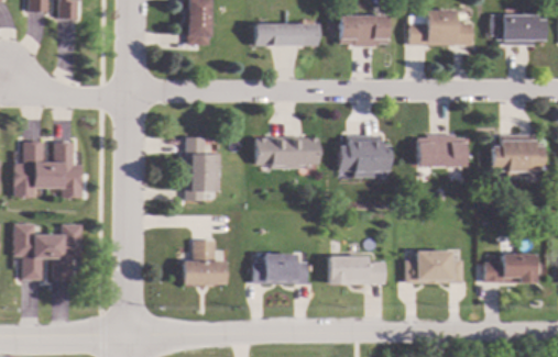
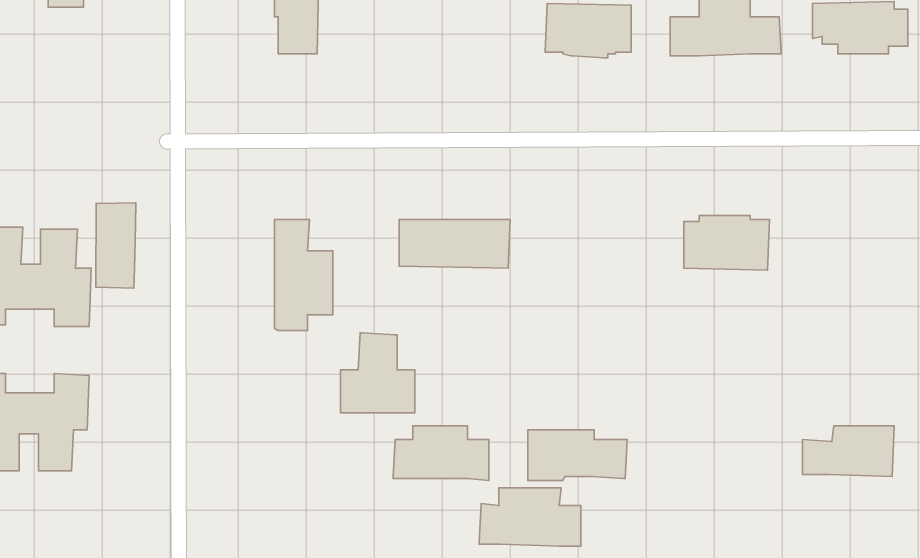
building: [255,23,318,46] -> none
building: none -> [96,203,136,288]
building: [338,135,390,177] -> none
building: [491,135,543,177] -> none
building: [183,239,225,285] -> [341,333,415,413]
building: [405,250,462,283] -> [479,488,581,546]

